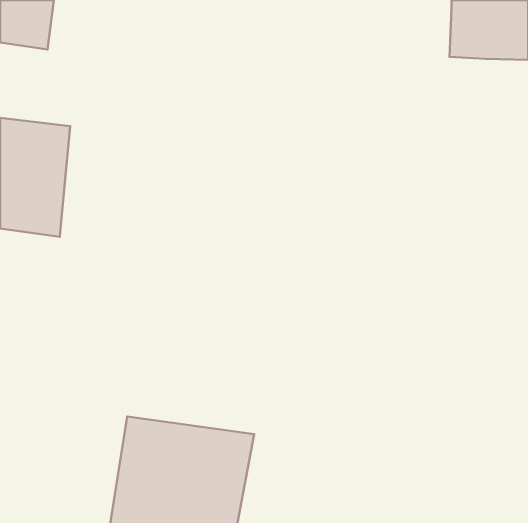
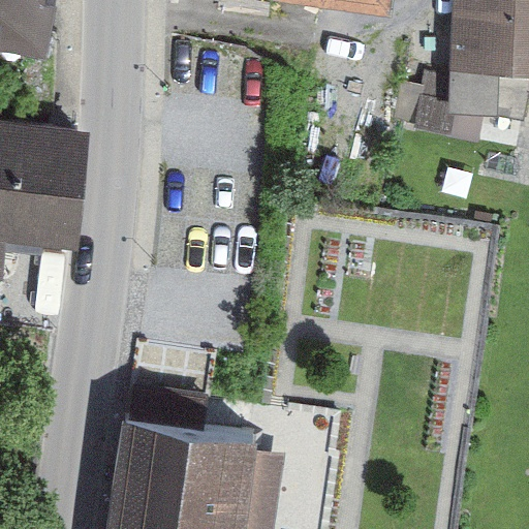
building: none -> [409,75,520,131]

